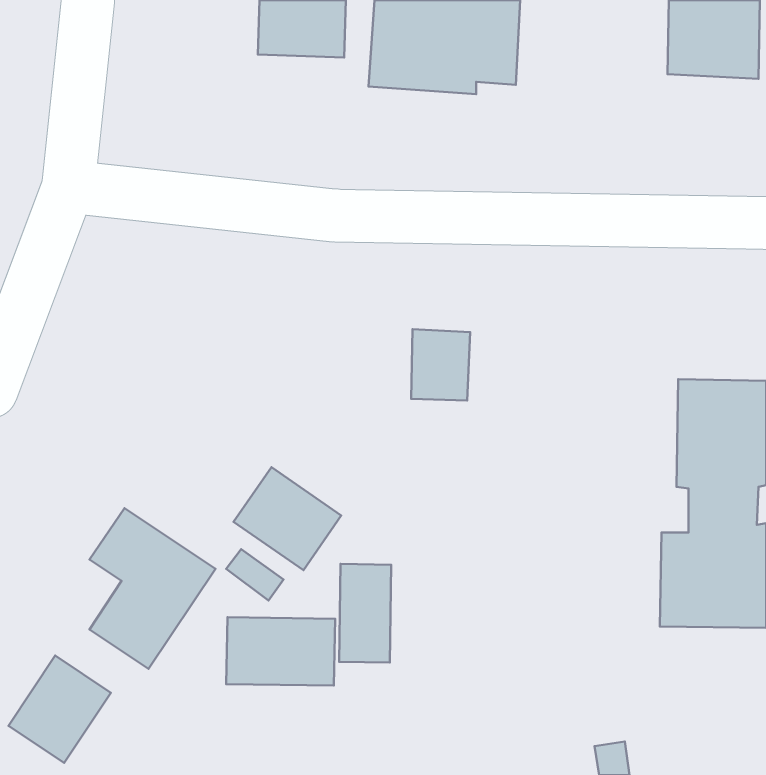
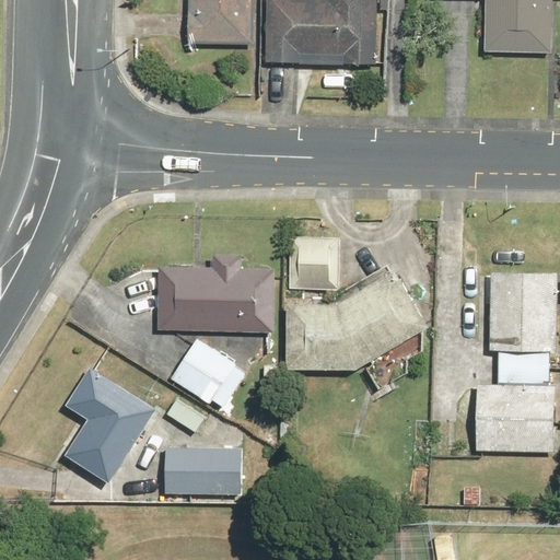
building: none -> [155,253,277,334]
building: none -> [287,270,428,388]
building: [339,564,391,663] -> none
building: [8,656,111,763] -> none

